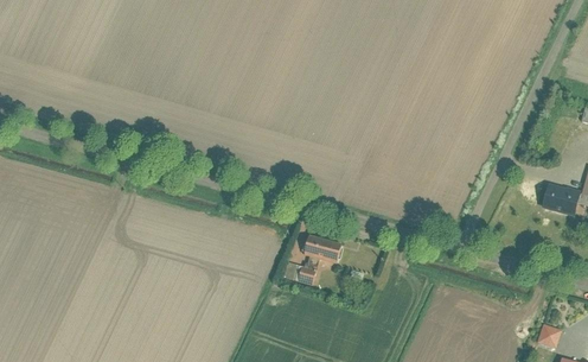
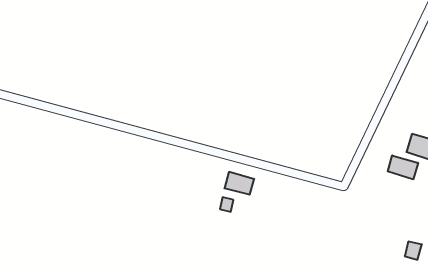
building: none -> [388,155,418,179]

